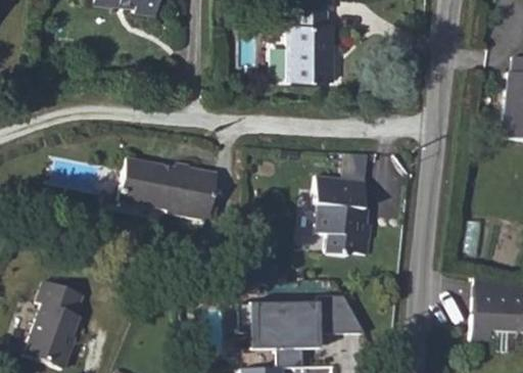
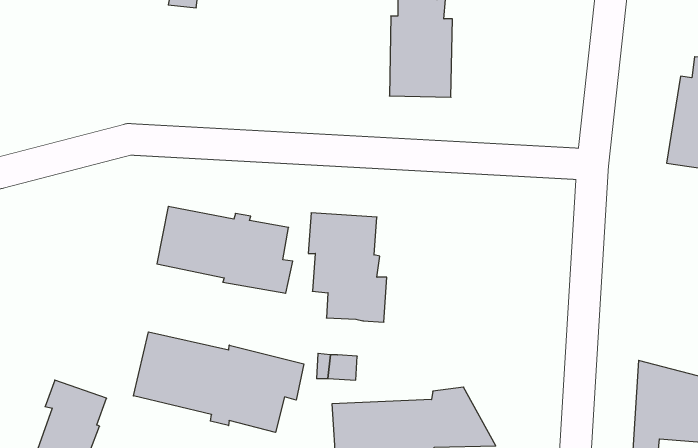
building: [313,175,370,254] -> [308,213,387,322]
building: none -> [133,332,304,432]

